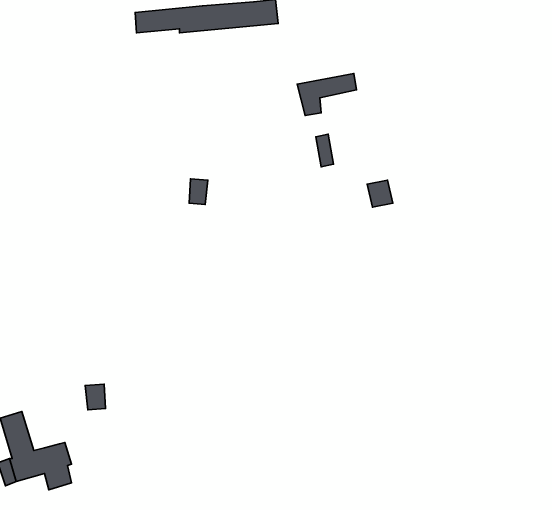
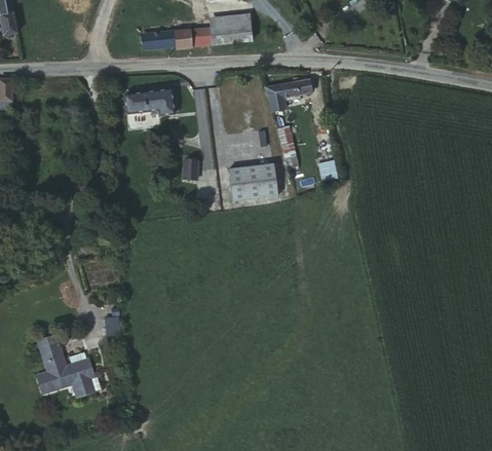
building: none -> [124,88,174,114]
building: none -> [227,162,276,198]

